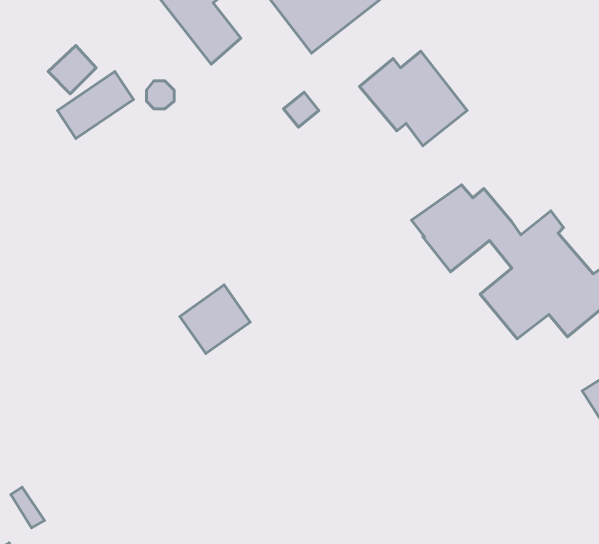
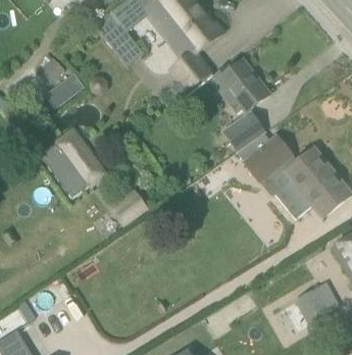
building: none -> [221,109,265,152]
building: none -> [39,125,108,197]
building: none -> [295,287,328,321]

